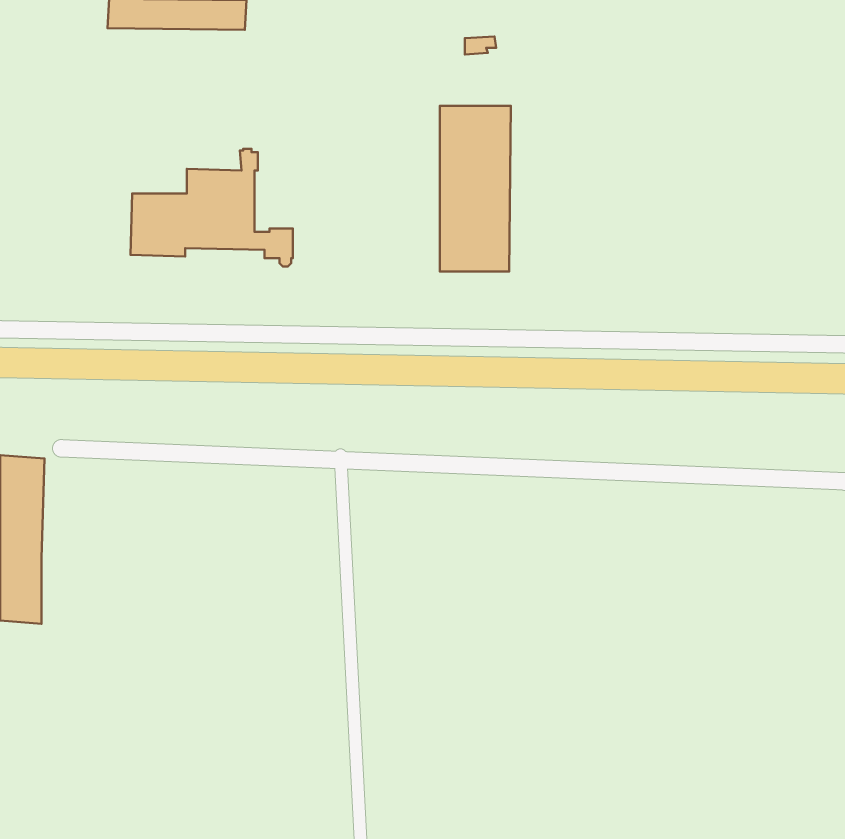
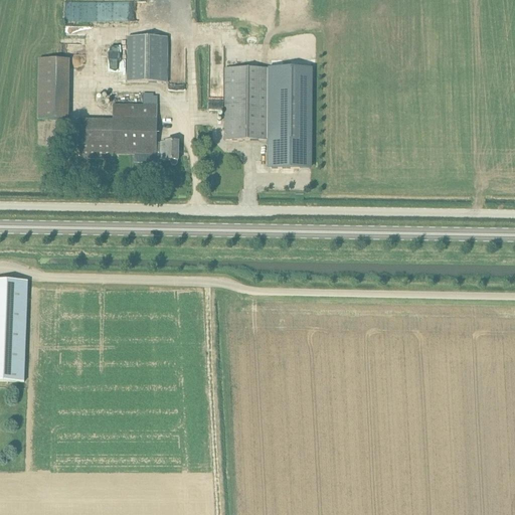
building: none -> [127,34,168,79]
building: none -> [37,55,69,116]
building: none -> [224,66,268,137]

